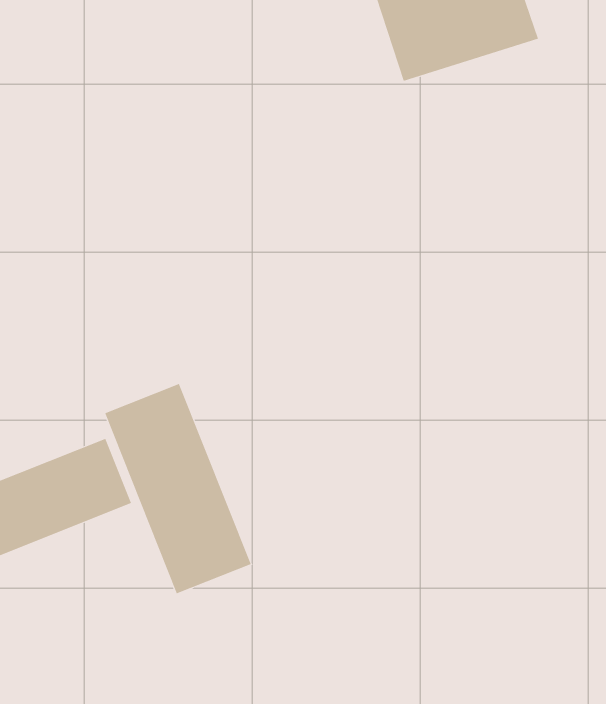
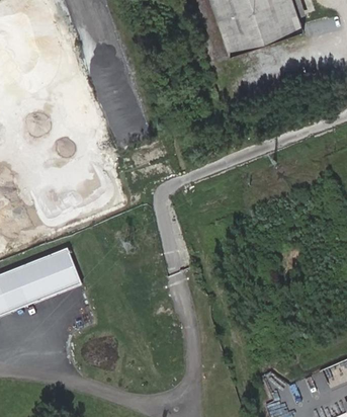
building: [104,383,251,594] -> none

